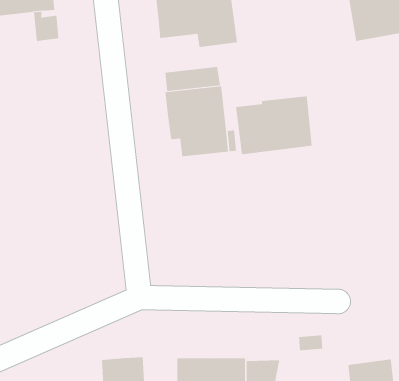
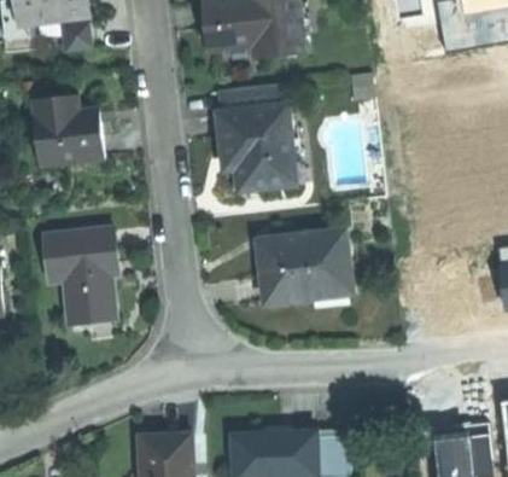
building: none -> [29,93,103,163]
building: [235,96,313,155] -> [257,232,350,303]
building: none -> [45,228,118,324]

